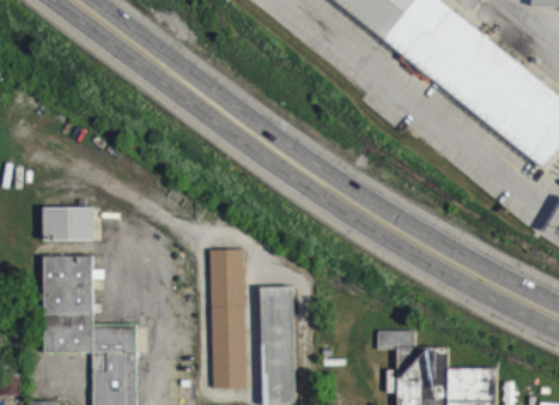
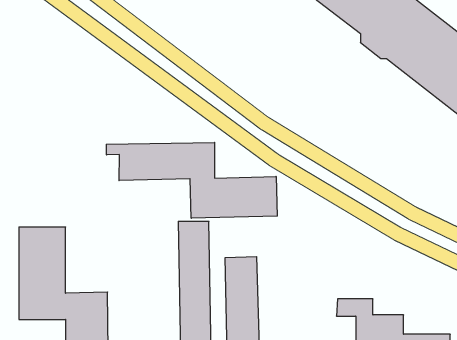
building: none -> [106,142,277,218]
building: [41,207,92,241] -> none

